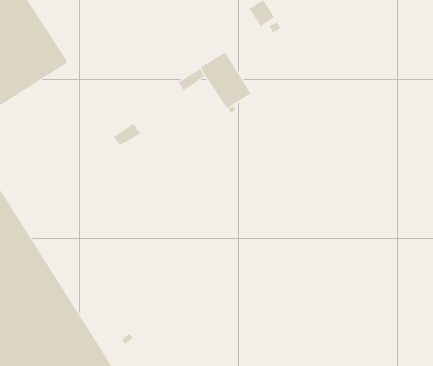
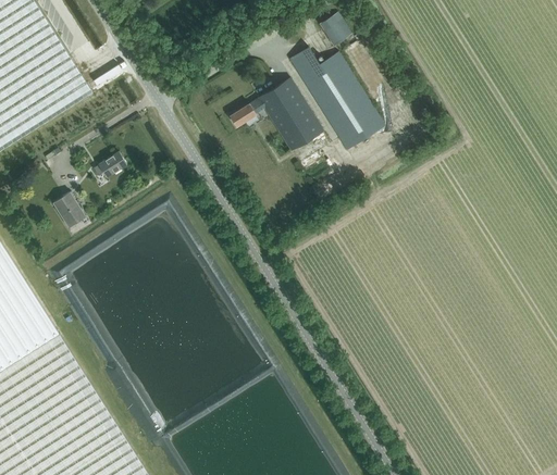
building: none -> [288,47,384,149]
building: [113,123,141,146] -> [91,152,126,180]
building: none -> [51,190,85,226]

